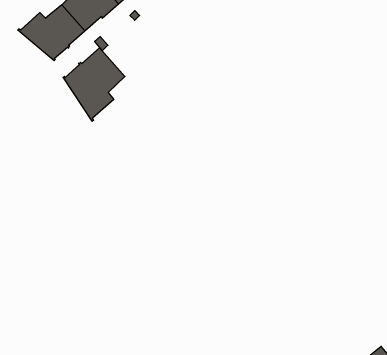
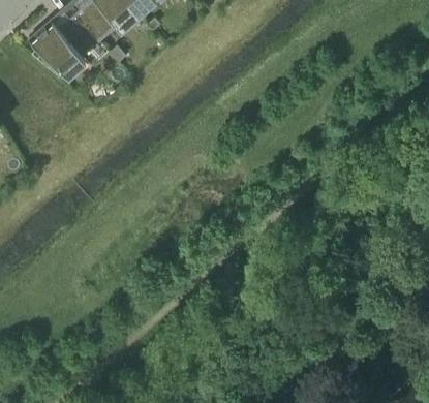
building: [63,48,125,121] -> none

